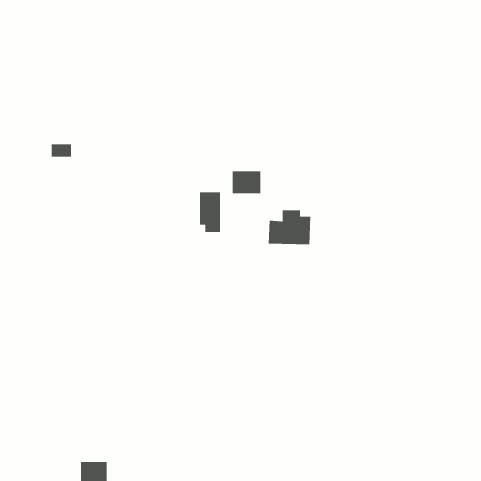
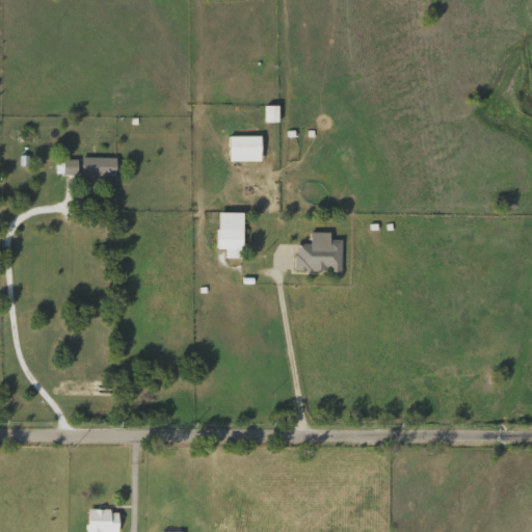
building: none -> [84,158,118,188]
building: [232,171,261,194] -> [230,135,262,161]

